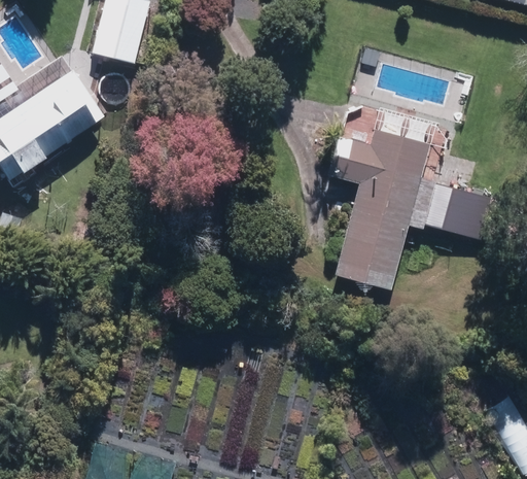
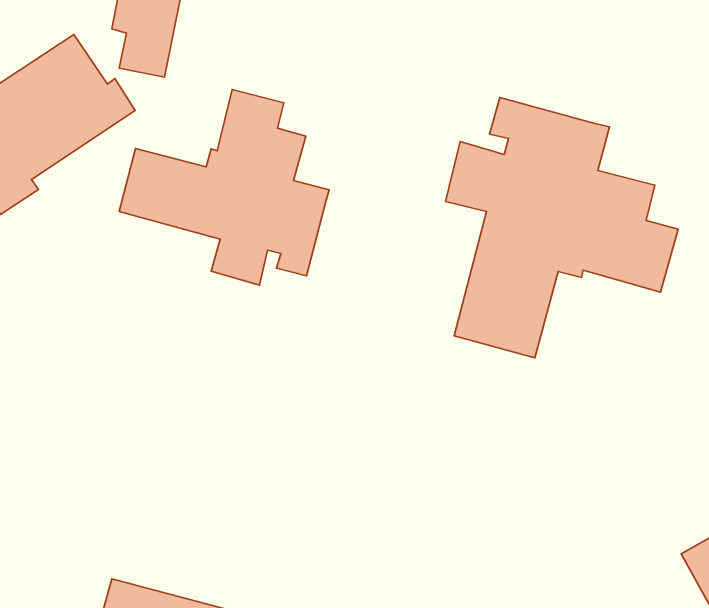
building: none -> [119,90,329,285]

